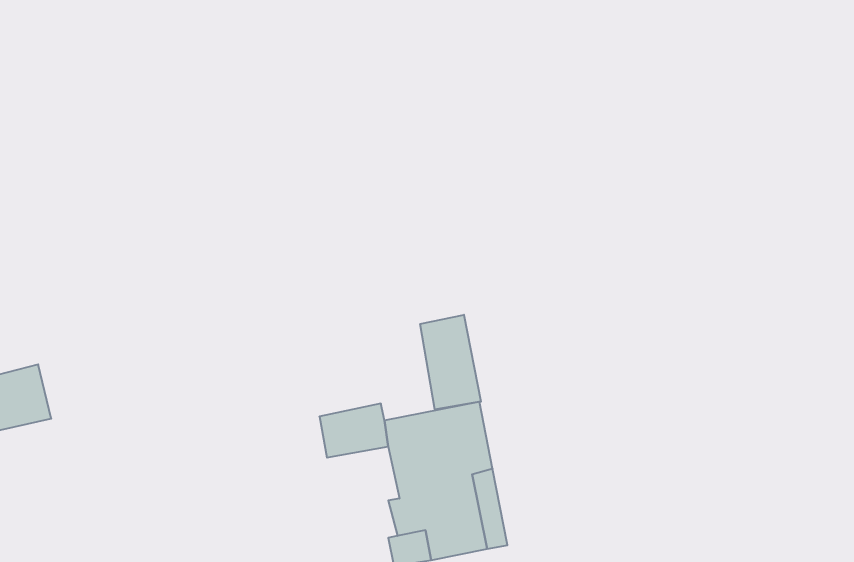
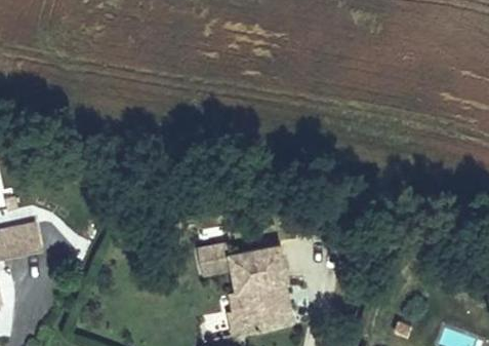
building: [420,315,481,409] -> none

